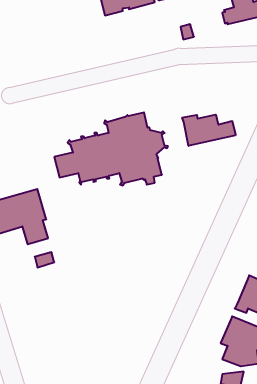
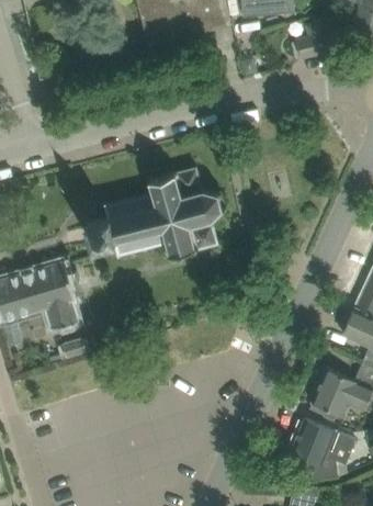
building: [182,115,235,146] -> none

